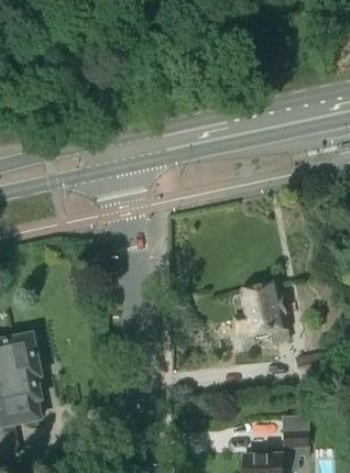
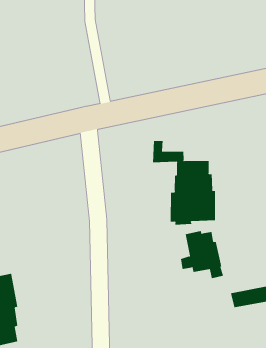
building: none -> [153,140,216,226]

